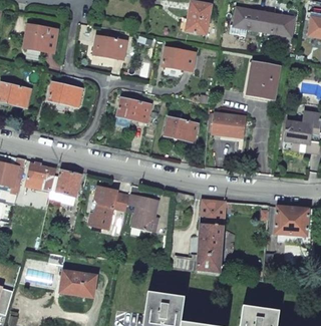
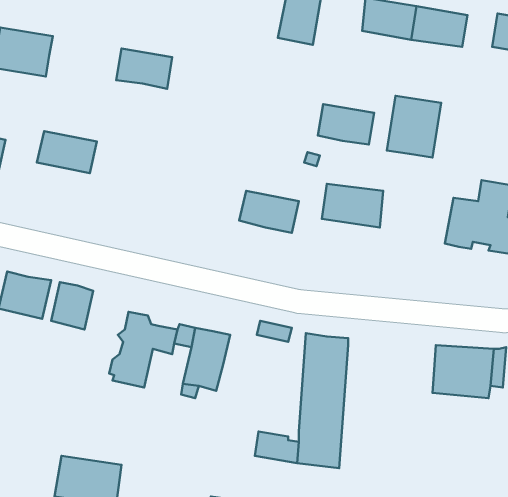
building: [163,47,195,70] -> [318,104,374,144]
building: [117,97,150,122] -> none

